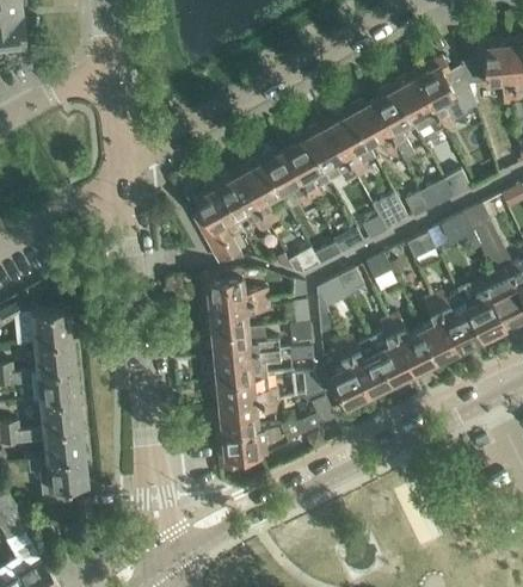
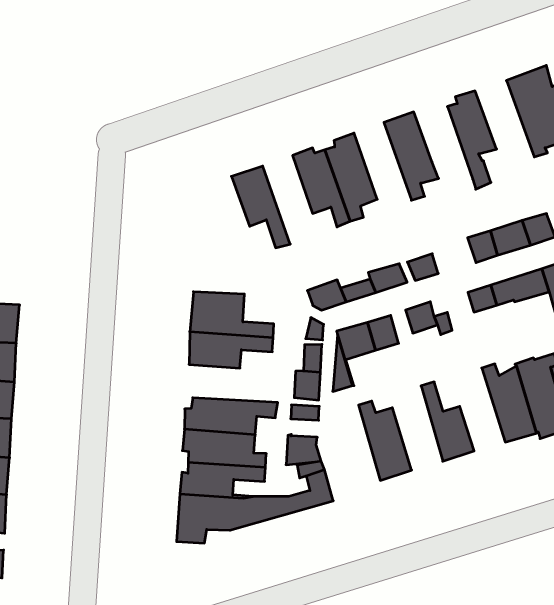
building: [393,75,447,136] -> none
building: [349,103,402,160] -> none
building: [306,123,358,185] -> none
building: [240,160,284,228] -> none
building: [195,184,245,265] -> none
building: [374,194,410,231] -> none
building: [422,298,461,363] -> none
building: [370,320,416,385] -> none
building: [209,327,282,358] -> none
building: [331,342,370,408] -> none

